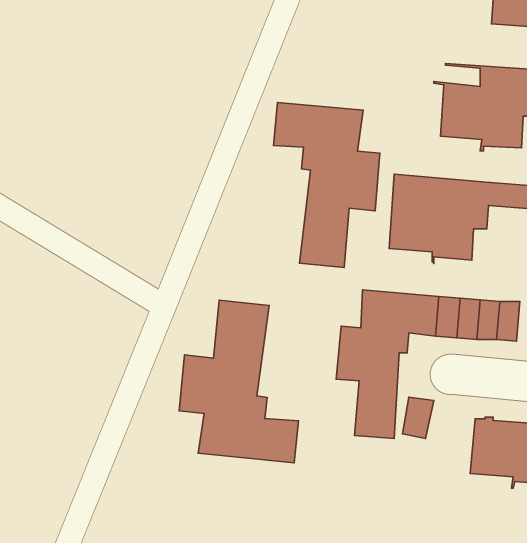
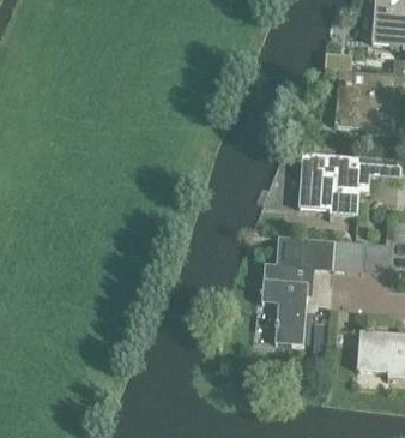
building: [274,102,380,267] -> none
building: [179,300,299,463] -> none

